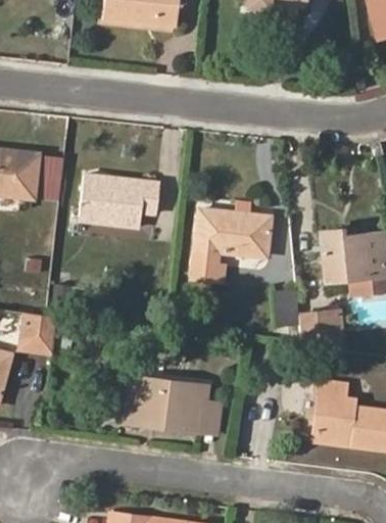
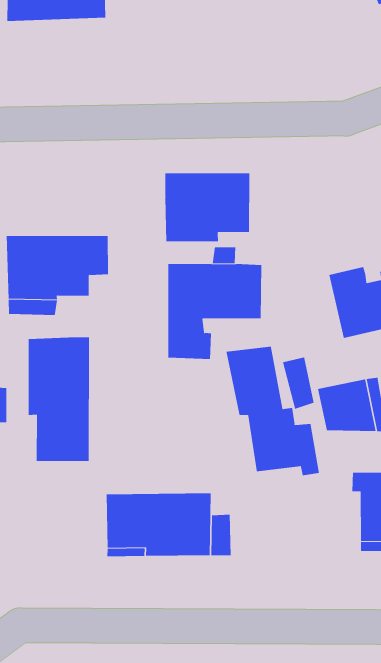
building: none -> [165,172,250,242]
building: none -> [28,336,90,462]
building: none -> [226,346,319,476]

